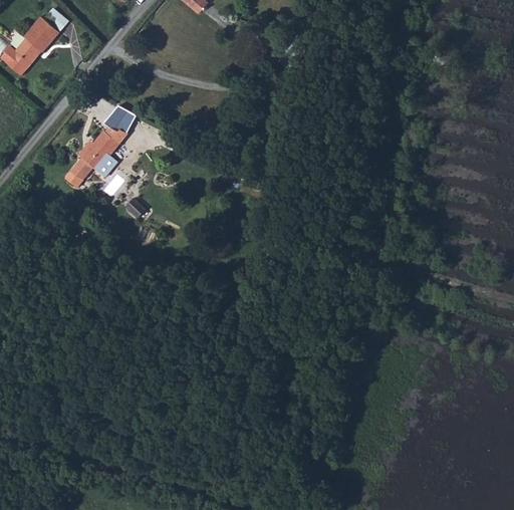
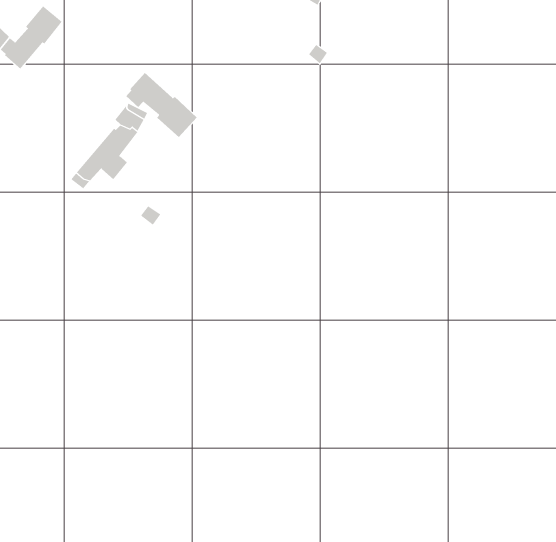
building: none -> [125,72,197,138]

